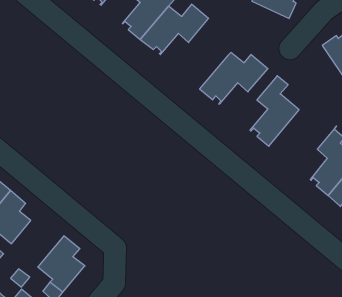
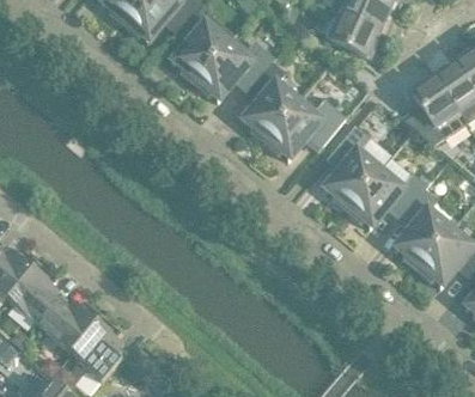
building: none -> [240,59,296,142]
building: none -> [345,167,425,228]
building: none -> [38,299,101,354]

